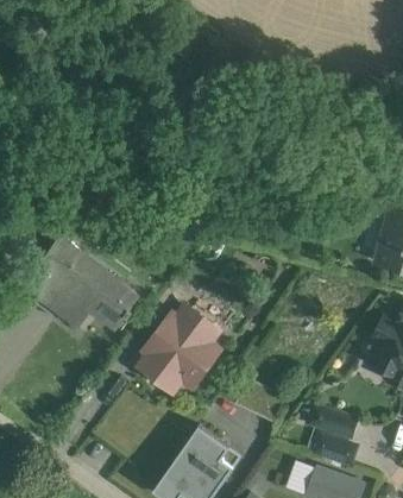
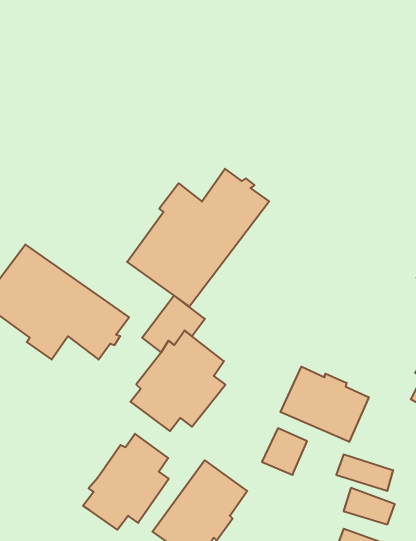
building: none -> [127,169,269,306]
building: none -> [280,367,369,442]
building: none -> [83,434,169,530]

